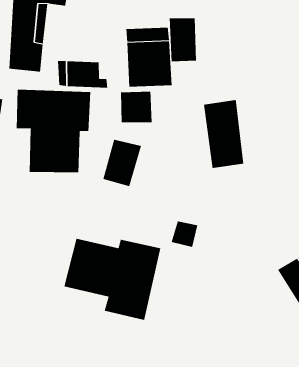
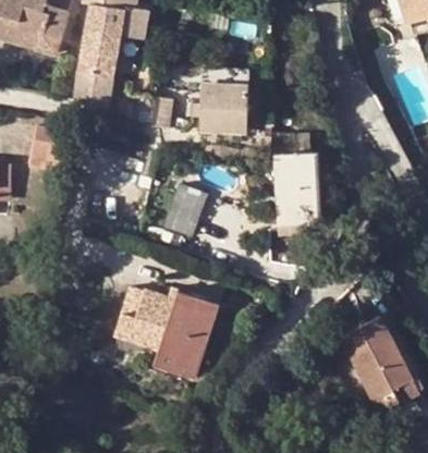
building: [169,17,196,62] -> none
building: [16,89,91,173] -> none
building: [121,91,152,123] -> none

